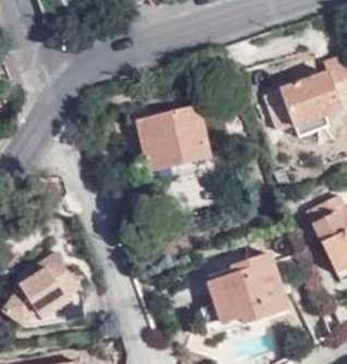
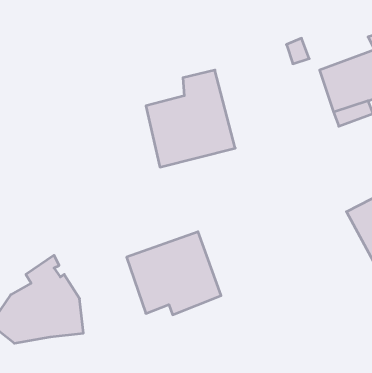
building: [206,256,287,327] -> [127,232,221,315]

